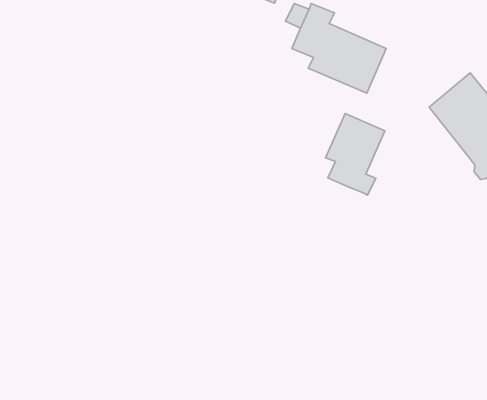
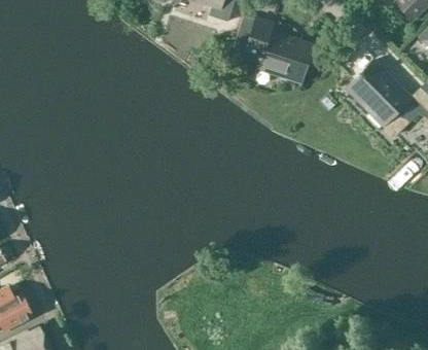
building: [325,114,385,195] -> none

